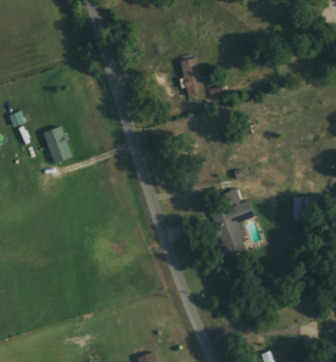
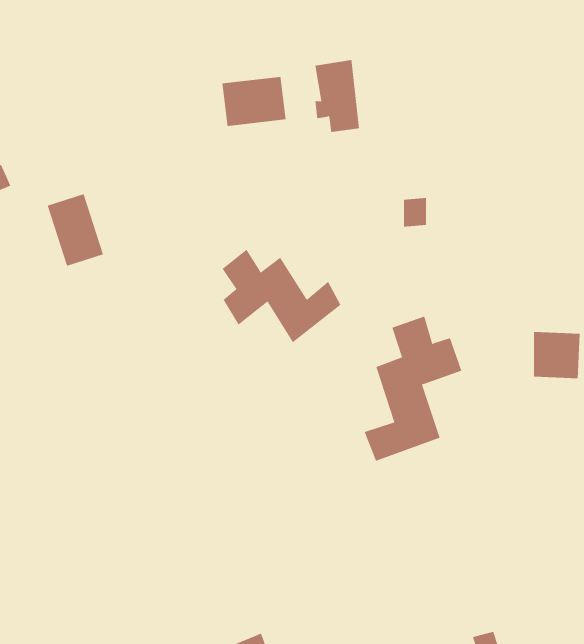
building: none -> [222,76,286,127]
building: none -> [222,249,341,343]

